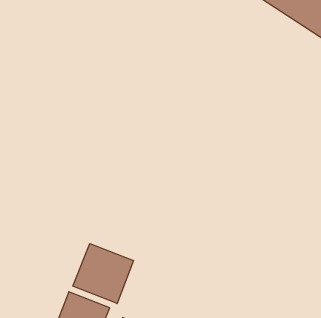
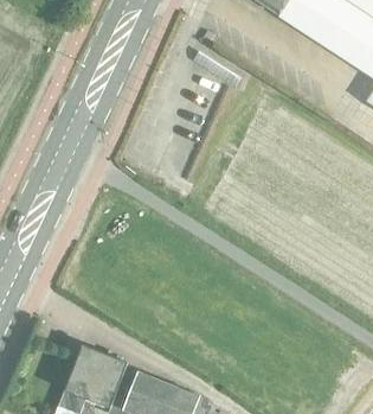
building: [73,244,133,304] -> none

